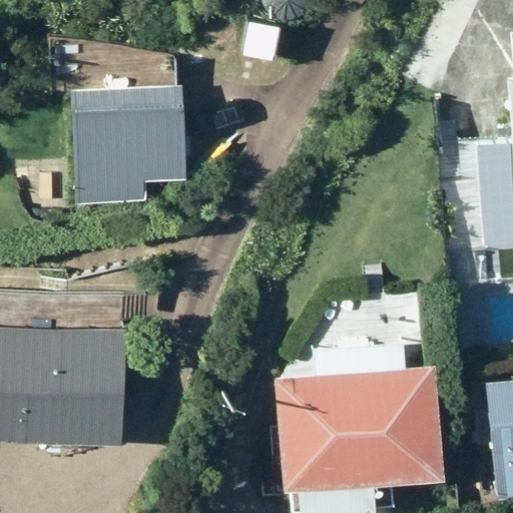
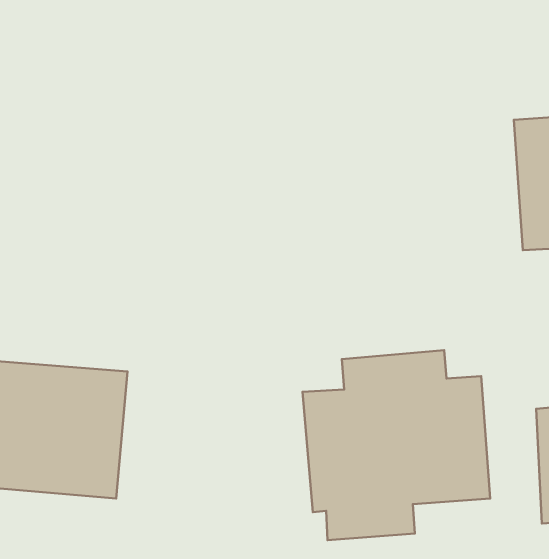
building: [73,87,188,203] -> none

